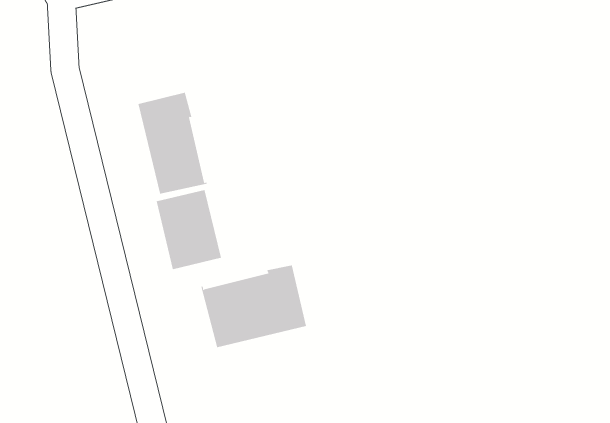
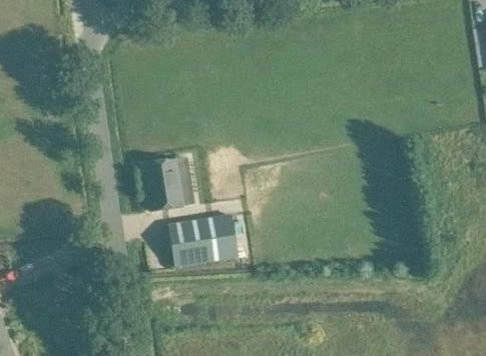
building: [138,92,208,195] -> none

